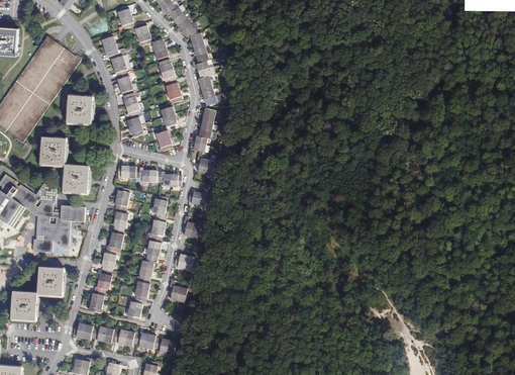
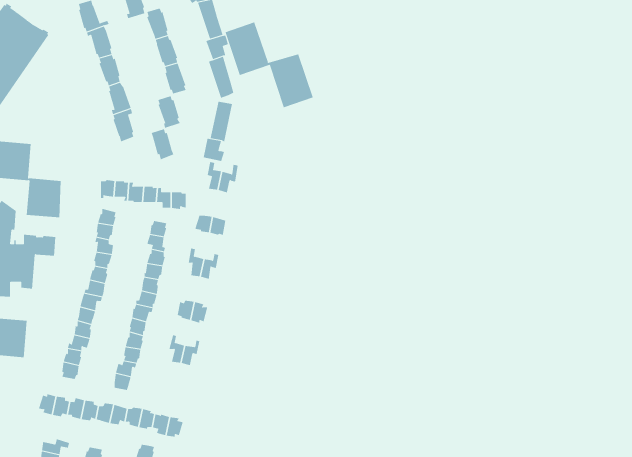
building: none -> [225,21,313,108]
building: [67,95,93,124] -> none

